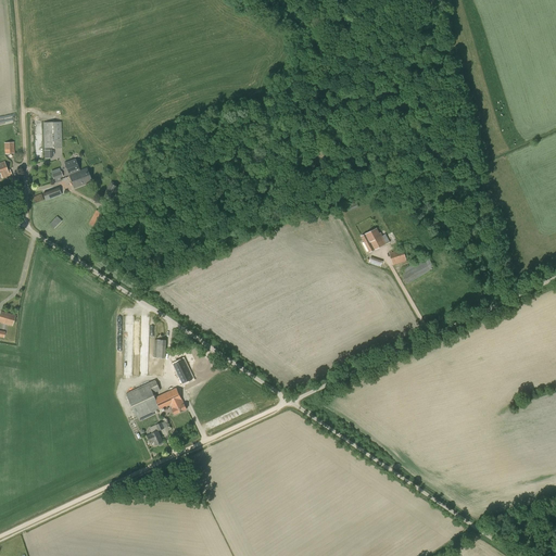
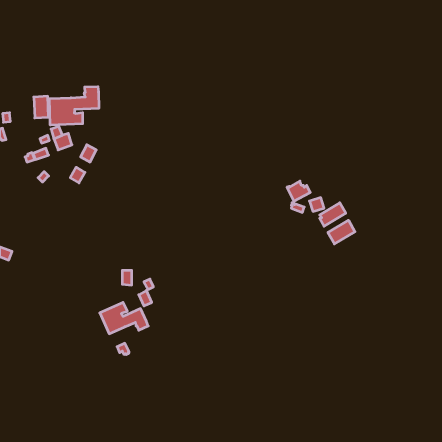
building: none -> [49,87,99,125]
building: none -> [328,220,355,244]

